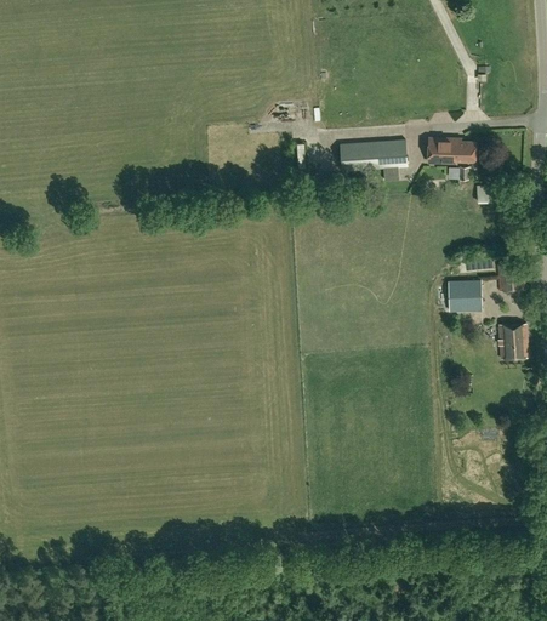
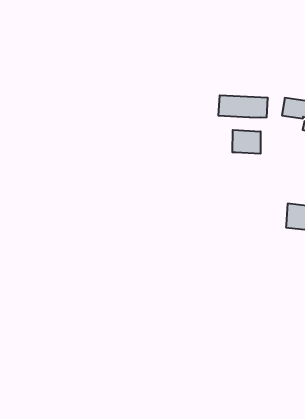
building: none -> [232,130,261,154]

